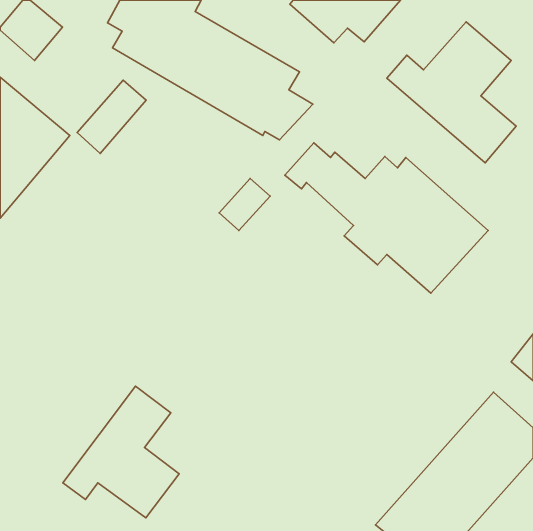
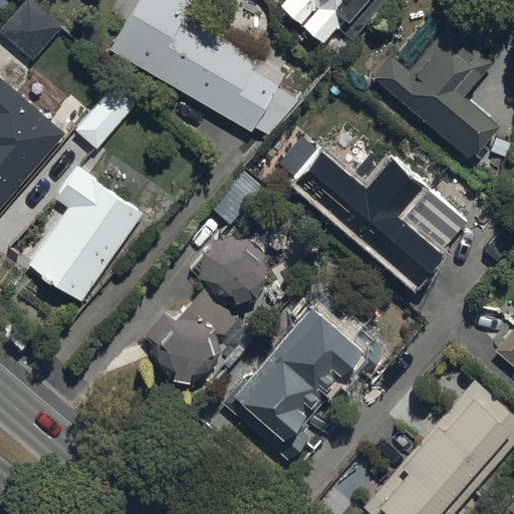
building: none -> [27,166,144,301]
building: none -> [145,236,266,383]
building: none -> [220,291,386,463]
building: [63,386,179,518] -> none

